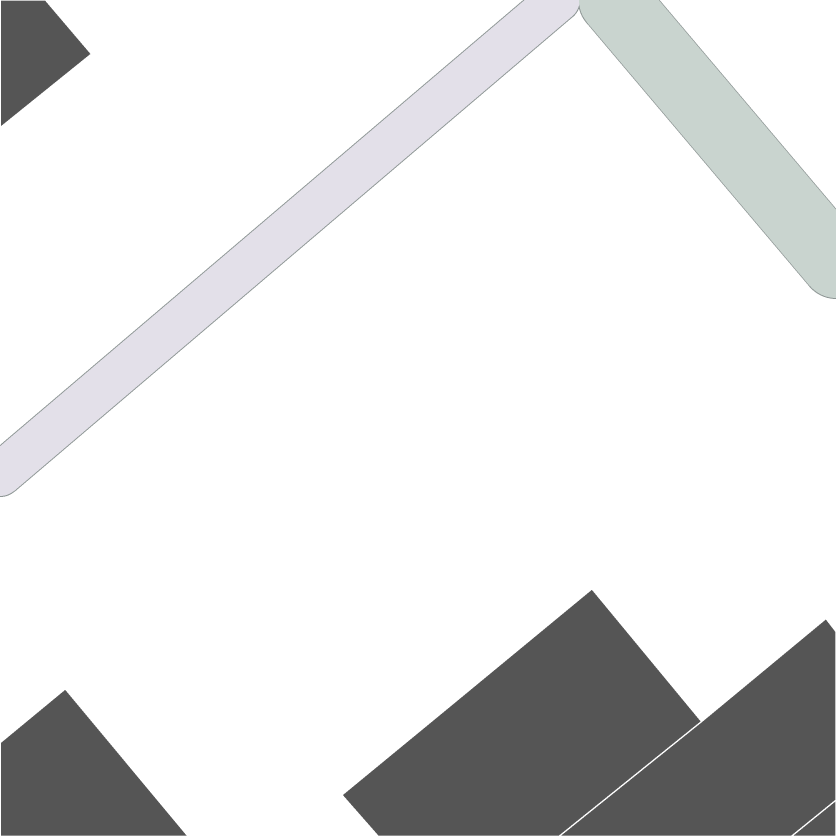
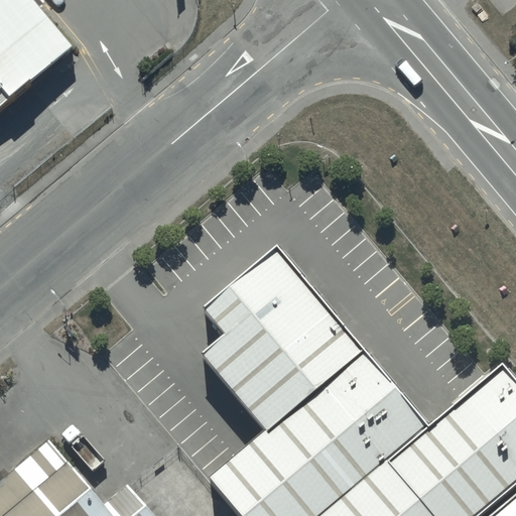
building: none -> [206,261,365,438]

